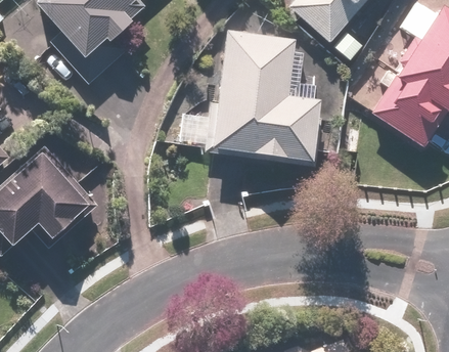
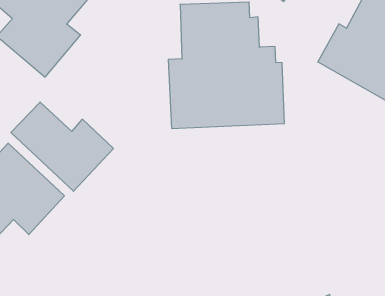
building: none -> [11,102,113,191]

